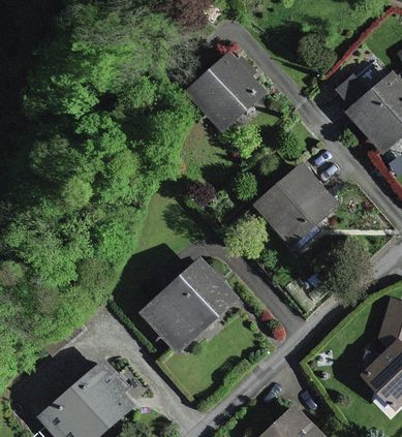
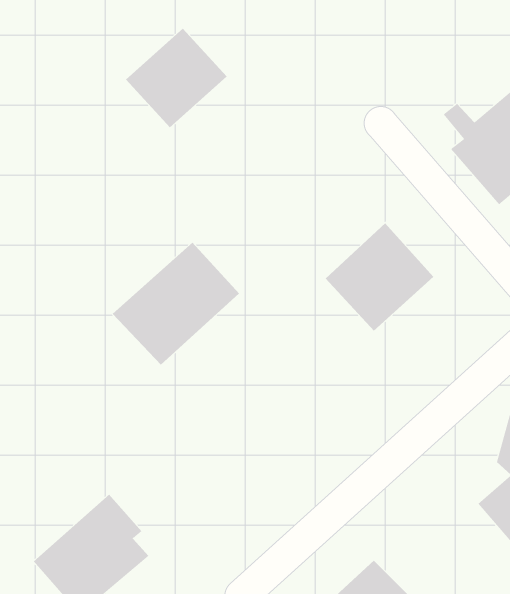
building: [188,56,261,128] -> [125,28,227,128]
building: [141,261,233,350] -> [112,242,240,365]

